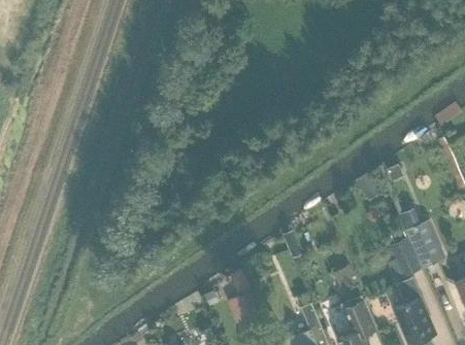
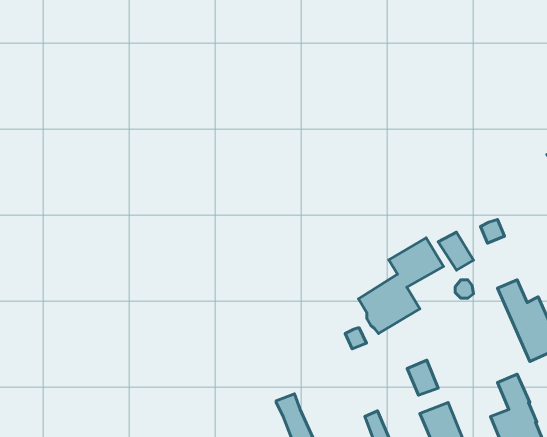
building: none -> [358,238,443,333]
building: [387,239,420,281] -> none

